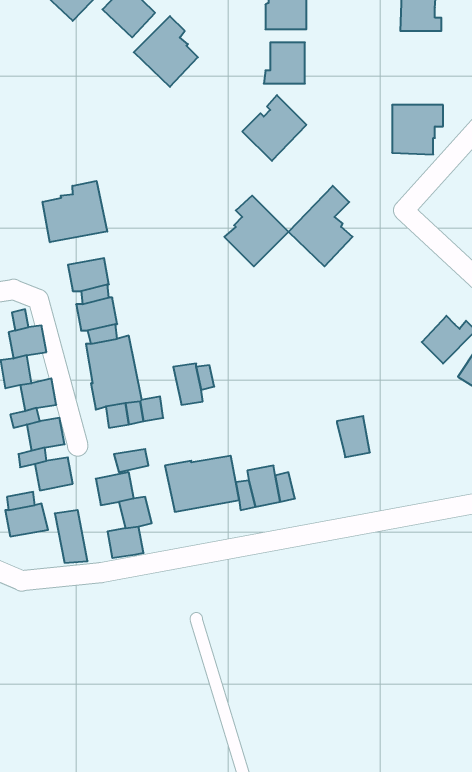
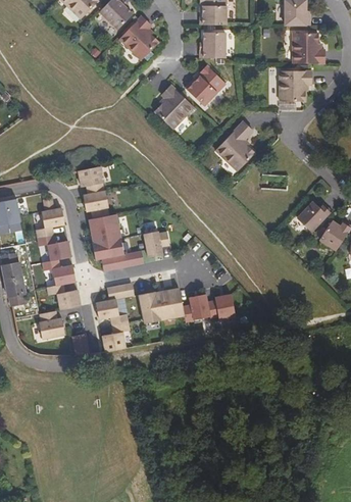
building: none -> [292,32,323,62]
building: [43,181,107,242] -> none
building: [224,196,288,266] -> [154,84,194,128]
building: [337,416,370,457] -> [214,294,235,319]

